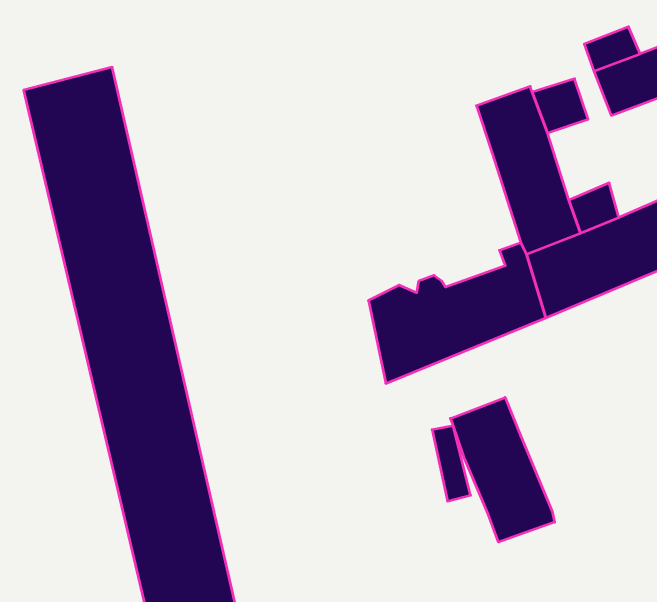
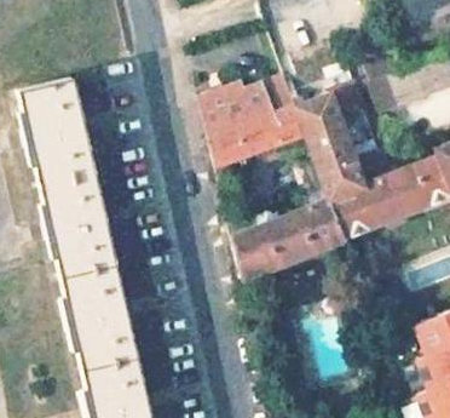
building: none -> [206,79,311,168]
building: [450,397,555,542] -> none

